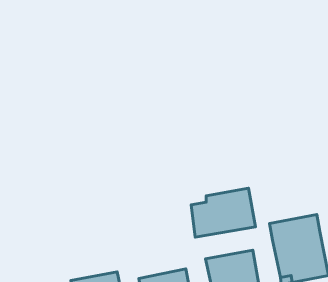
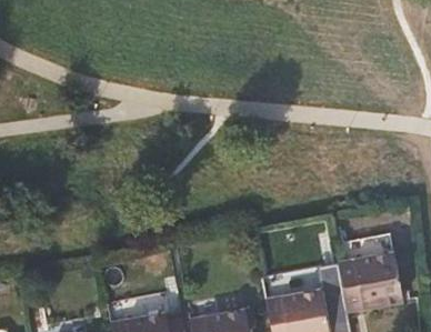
building: [191,188,255,237] -> none

